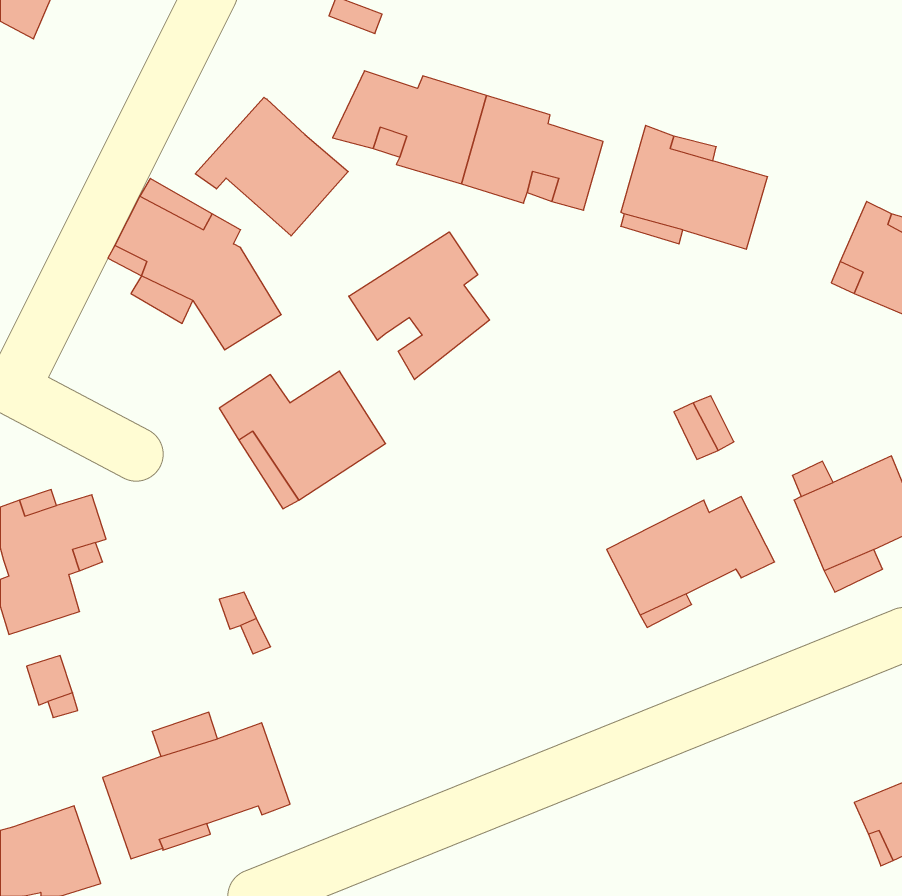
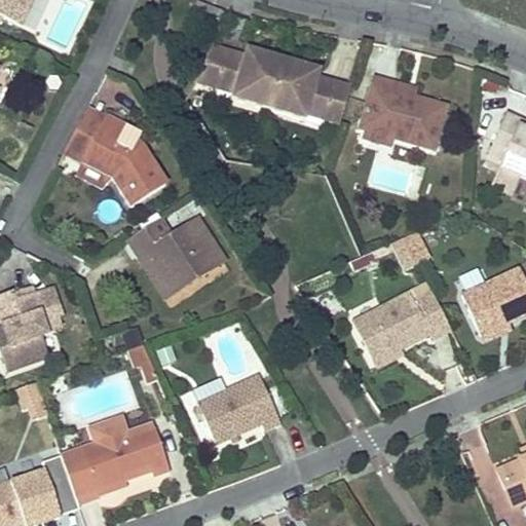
building: [195,97,348,236] -> none
building: [349,232,490,380] -> none
building: none -> [196,374,279,442]

